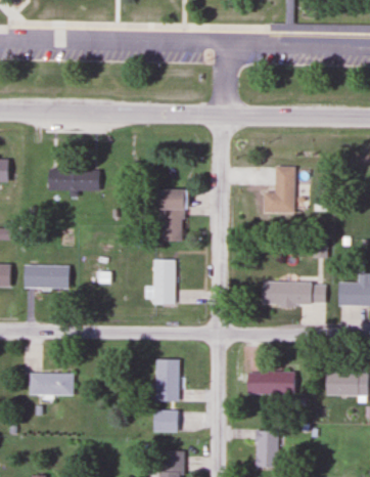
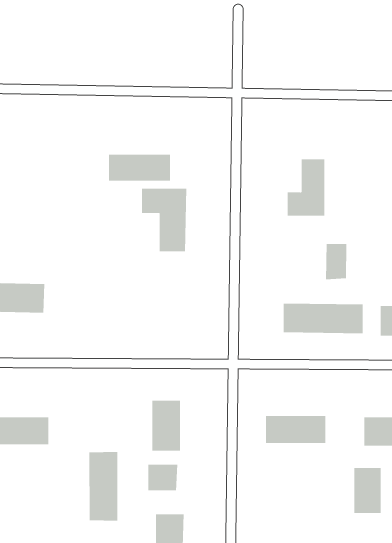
building: [48,169,98,190] -> [108,154,171,181]
building: none -> [326,243,347,280]
building: [153,259,174,304] -> none
building: none -> [89,451,118,522]
building: [256,430,278,467] -> [354,467,382,513]

